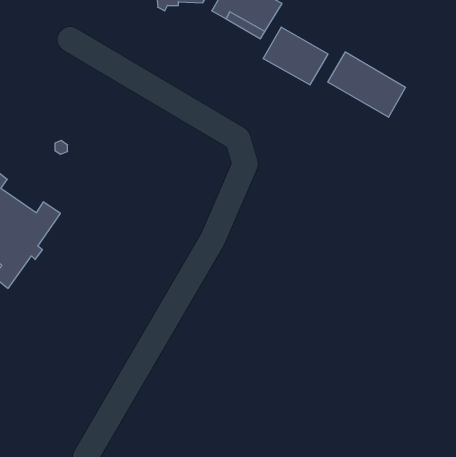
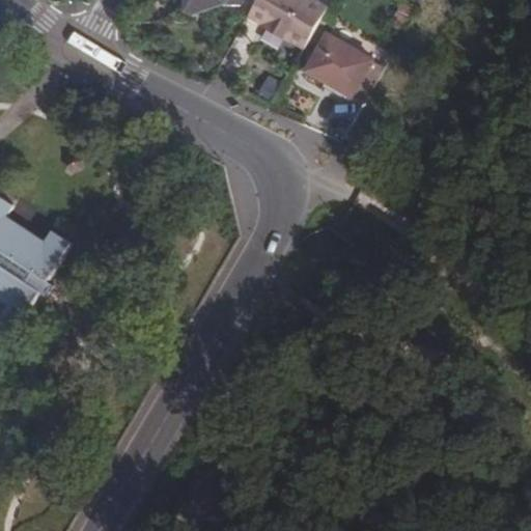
building: [328,52,405,117] -> none

